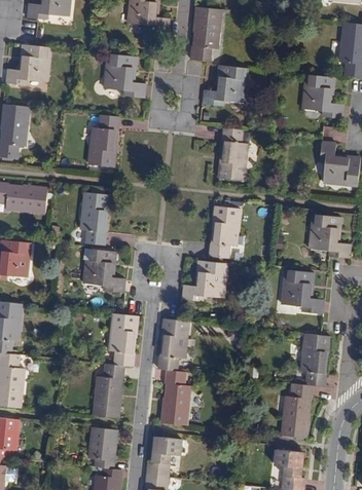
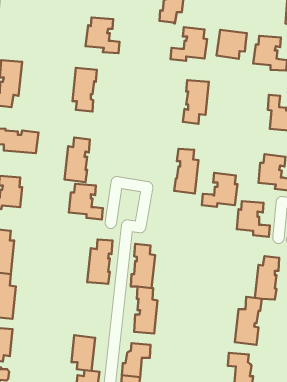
building: [7,43,50,83] -> none
building: none -> [216,30,247,59]
building: [183,259,225,299] -> [202,173,238,207]
building: [93,364,122,418] -> none

